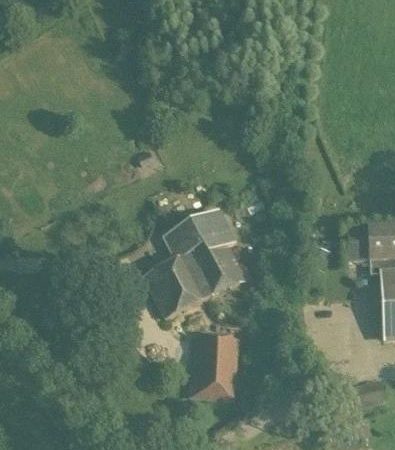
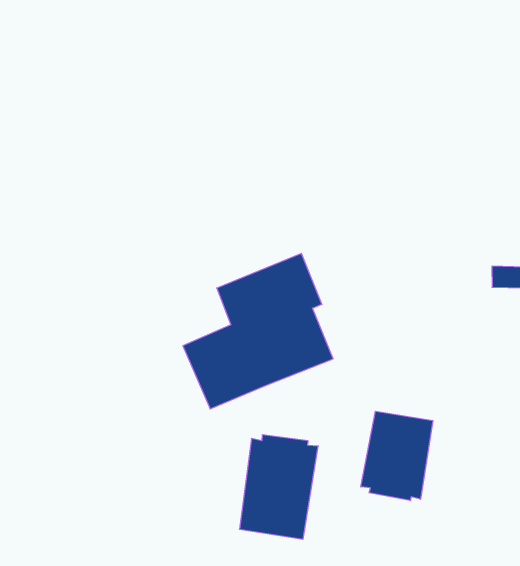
building: none -> [361,411,433,501]

